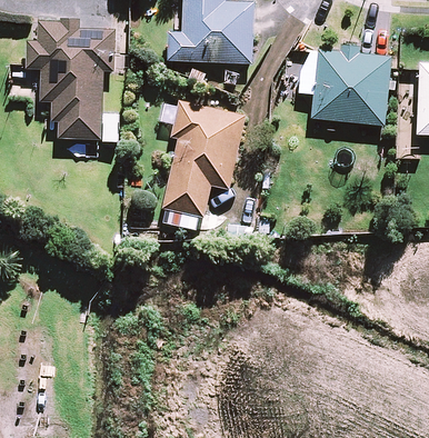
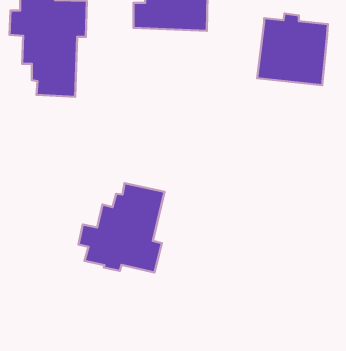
building: [162,100,246,217] -> none
building: none -> [78,183,165,272]

